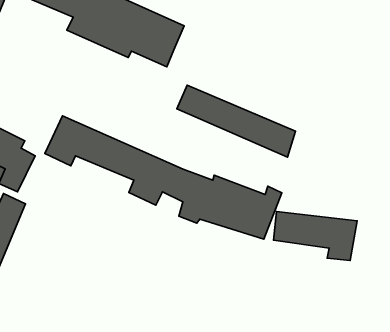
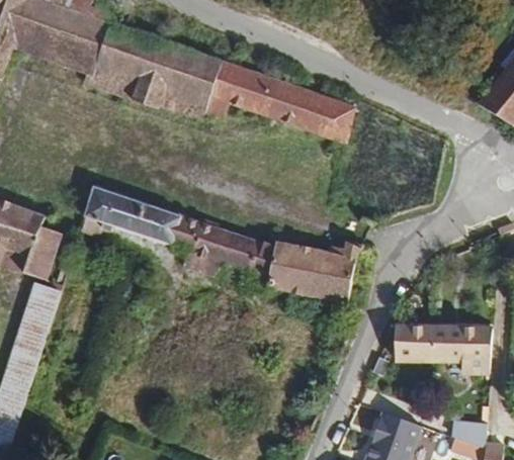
building: [177,85,295,157] -> [213,65,356,136]
building: [273,211,357,261] -> [392,326,488,374]

